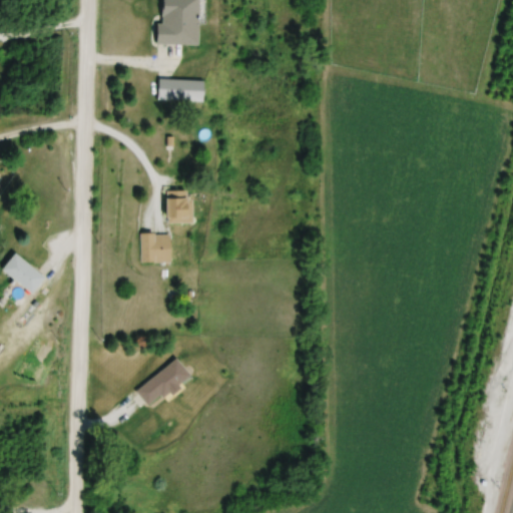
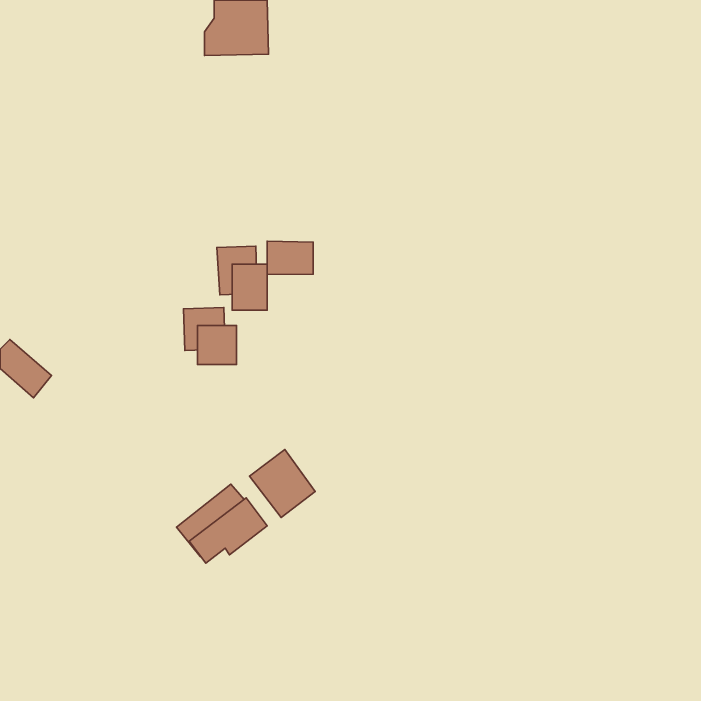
building: [158,76,202,101] -> none
building: none -> [267,241,313,274]
building: none -> [250,449,315,517]

